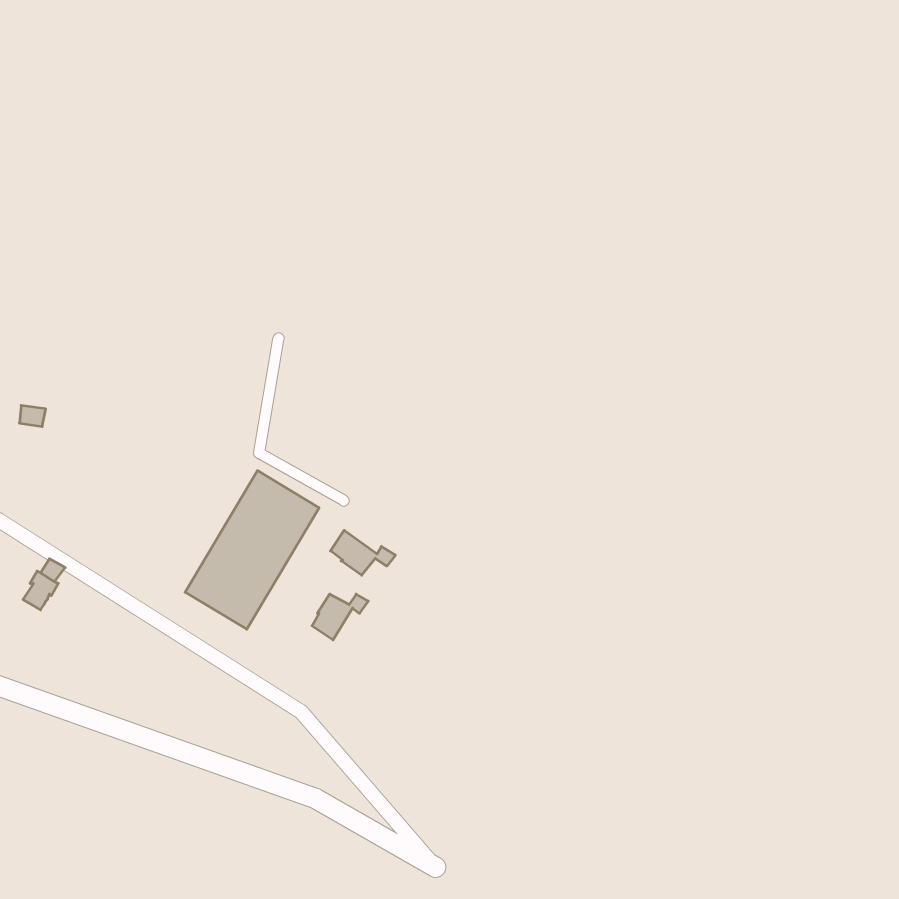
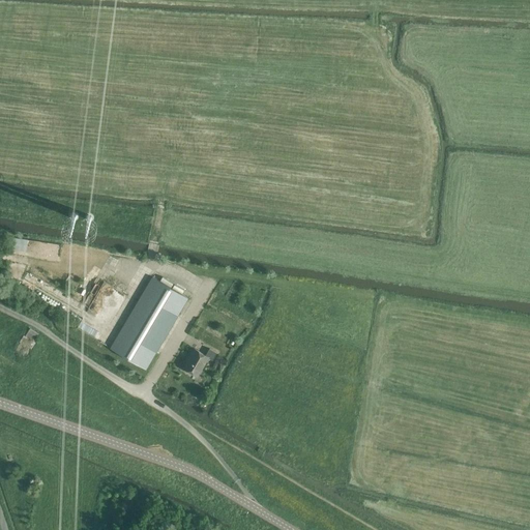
building: [330,530,395,575] -> none

